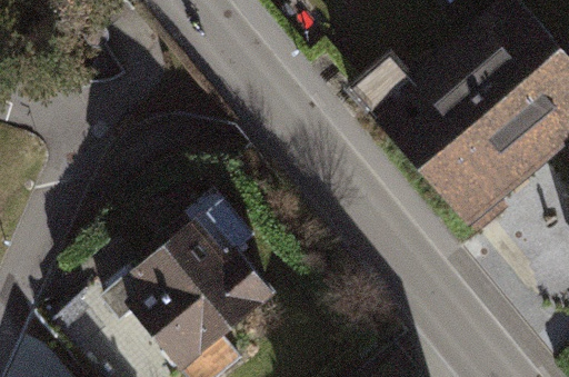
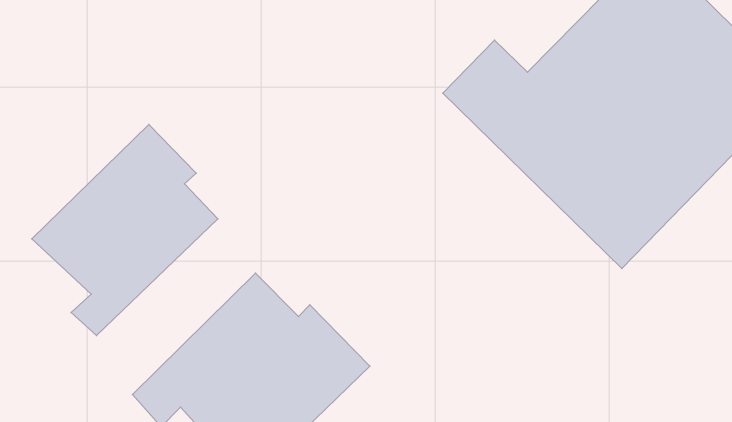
building: none -> [32,124,218,336]

